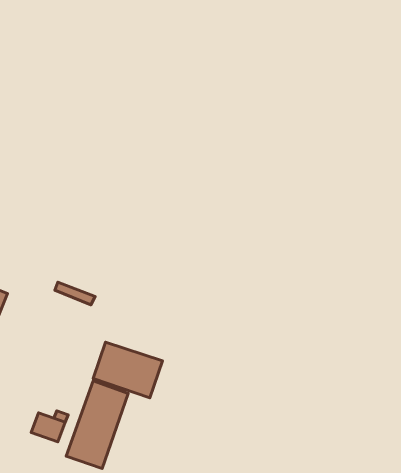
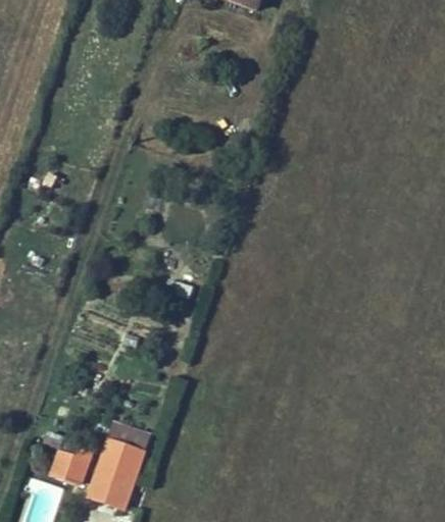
building: [93,342,163,398] -> none

